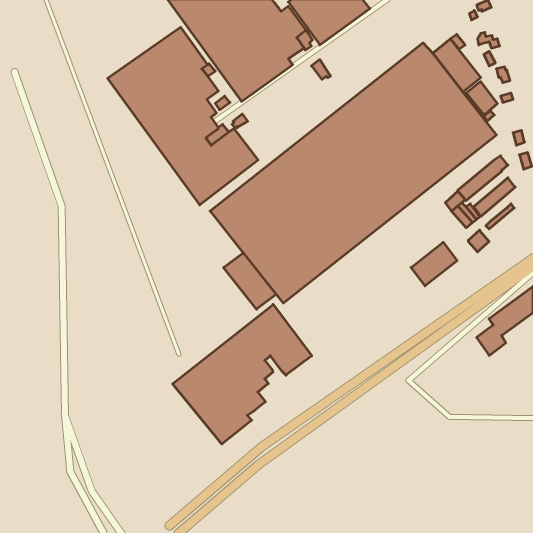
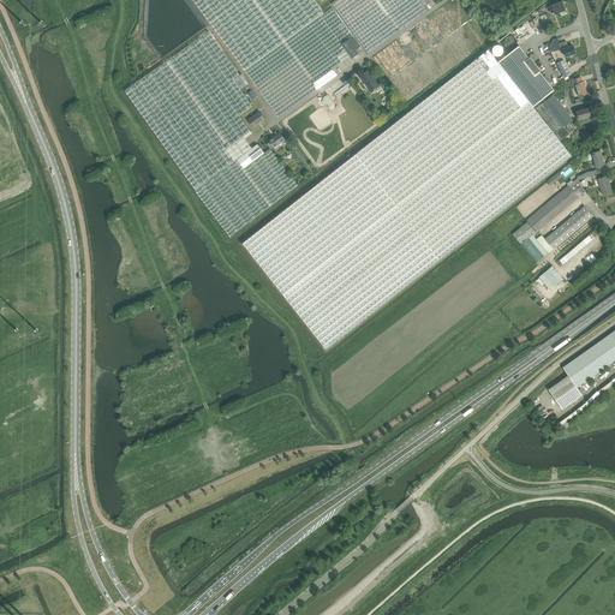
building: [411,242,457,286] -> none
building: [224,253,276,309] -> none
building: [173,304,312,444] -> none

